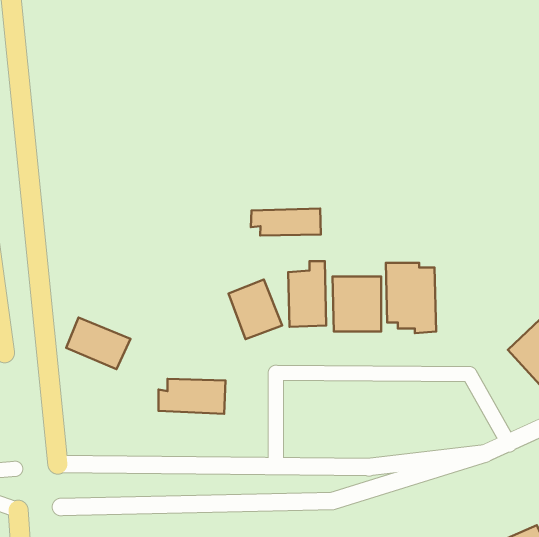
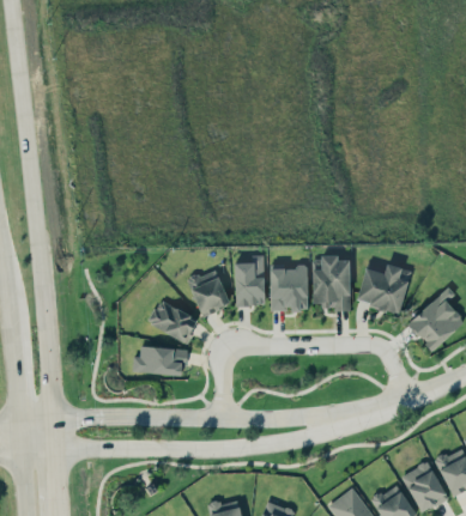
building: [251,209,321,235] -> none
building: none -> [356,263,411,314]
building: [66,317,130,369] -> [149,301,199,341]

